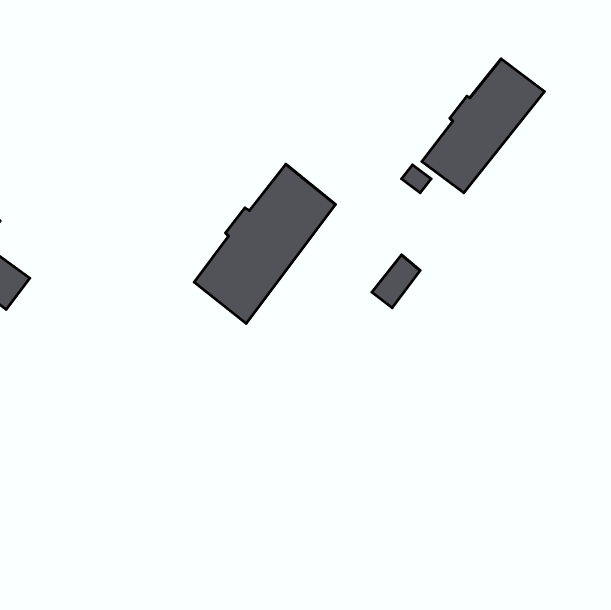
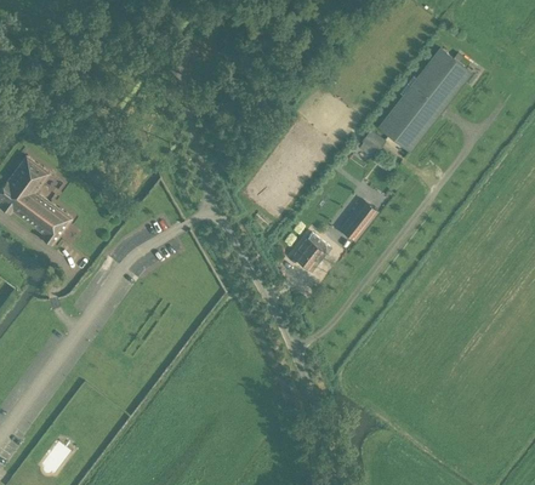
building: [194,164,336,324] -> none
building: none -> [291,233,328,270]

